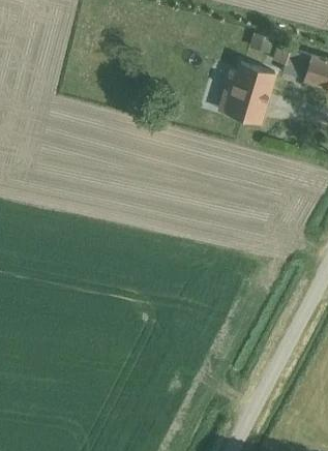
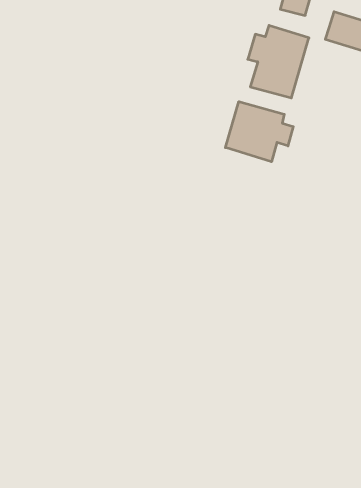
building: none -> [225,102,293,162]

